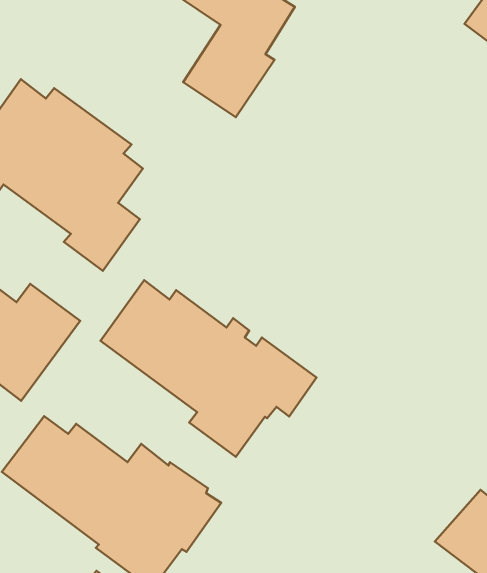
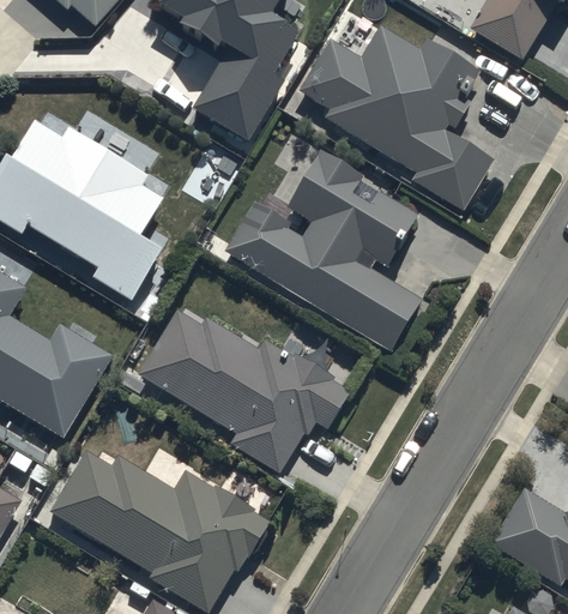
building: none -> [298,25,495,210]
building: none -> [226,148,422,350]

